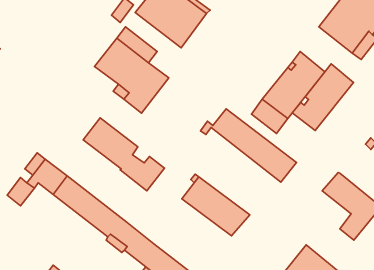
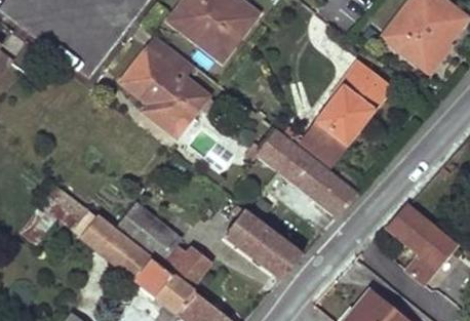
building: [292,64,354,131] -> none
building: [83,118,164,191] -> [117,203,211,288]

